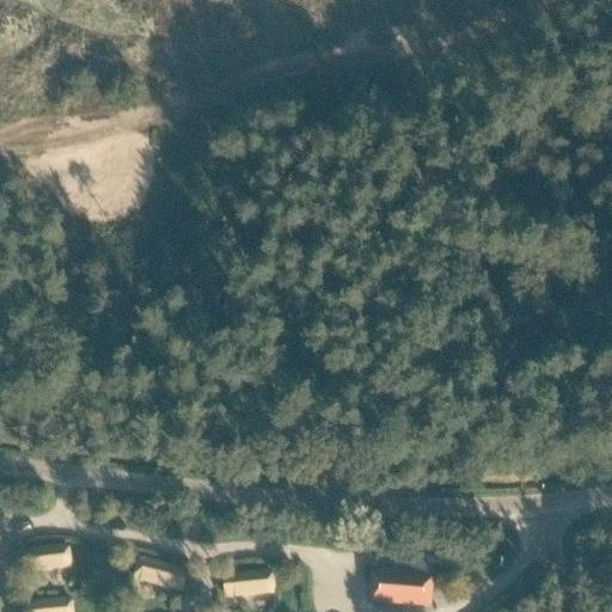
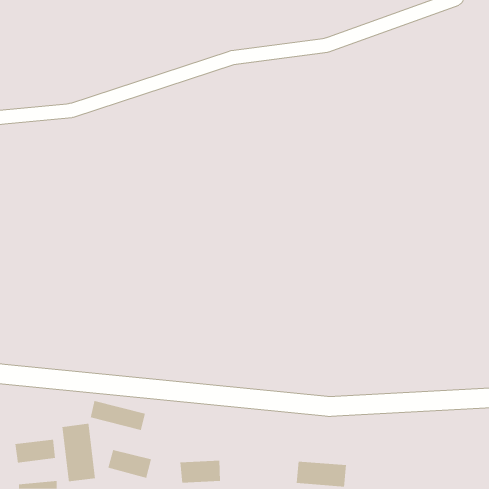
building: none -> [90,400,146,431]
building: none -> [62,423,95,482]

